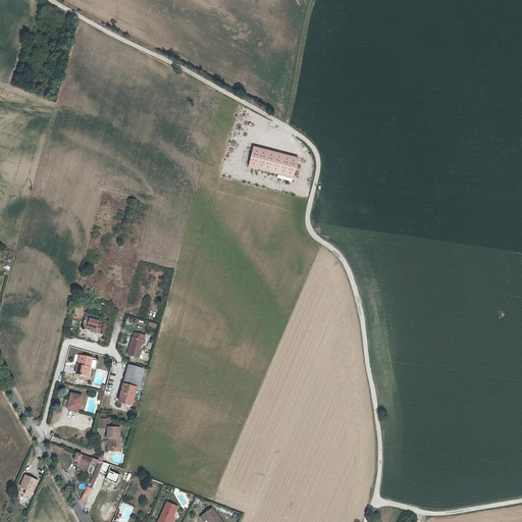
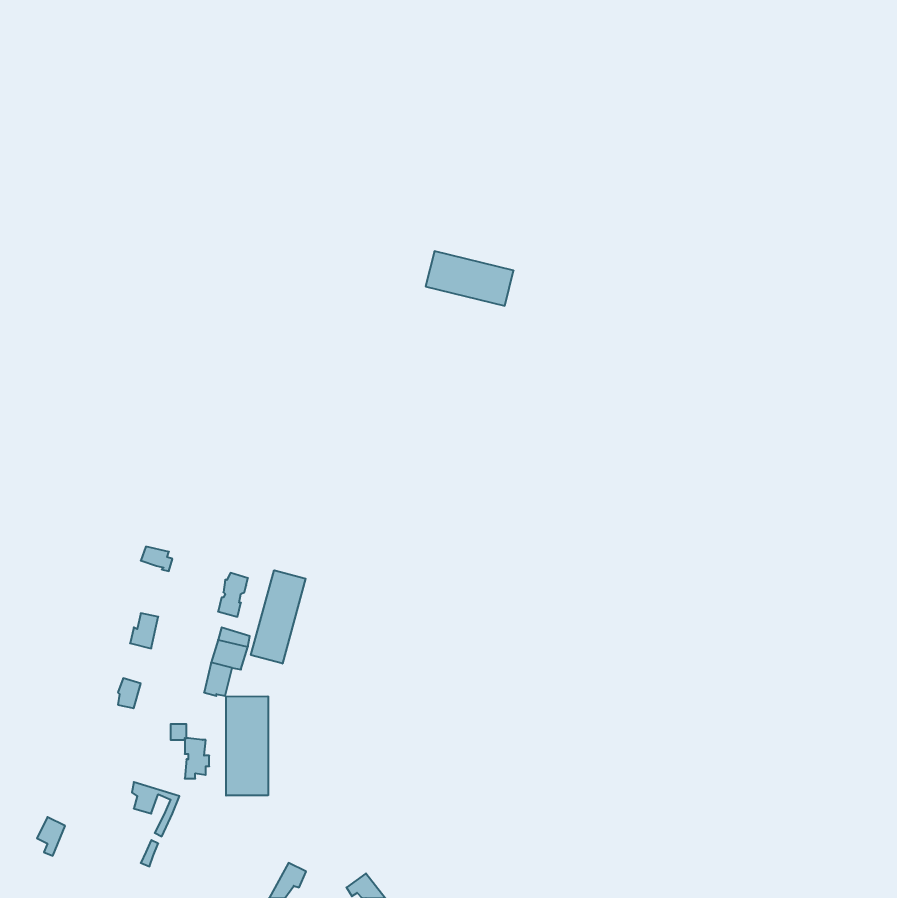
building: none -> [251,570,306,664]
building: none -> [226,696,268,796]

